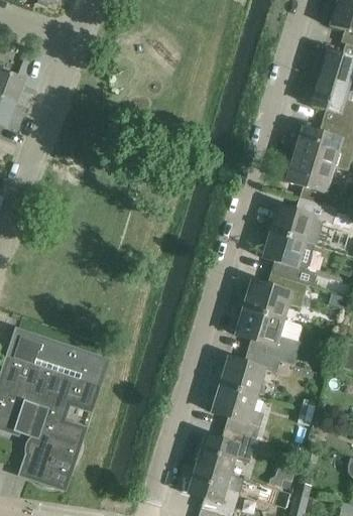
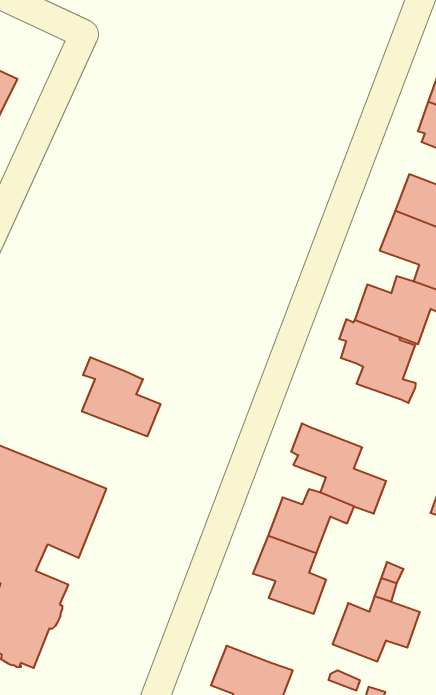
building: none -> [82,357,161,436]
building: [244,275,308,318] -> none
building: [197,427,256,473] -> [332,596,420,661]

